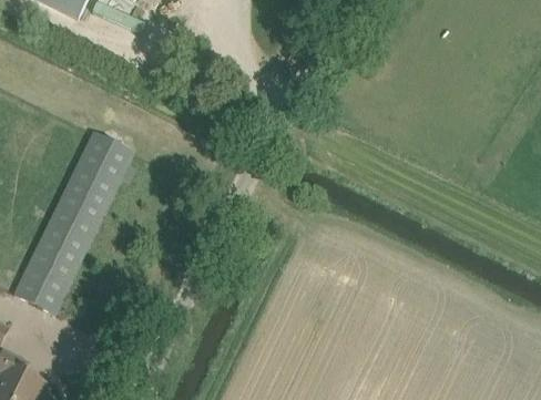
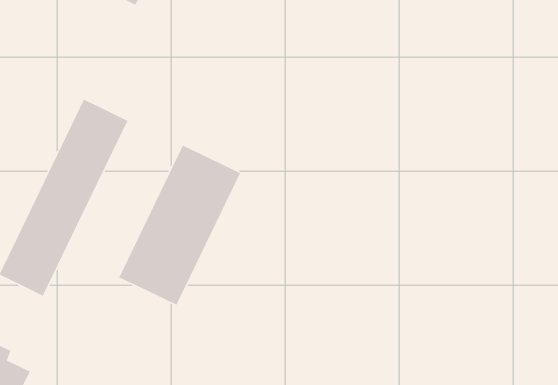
building: none -> [118,145,241,306]

